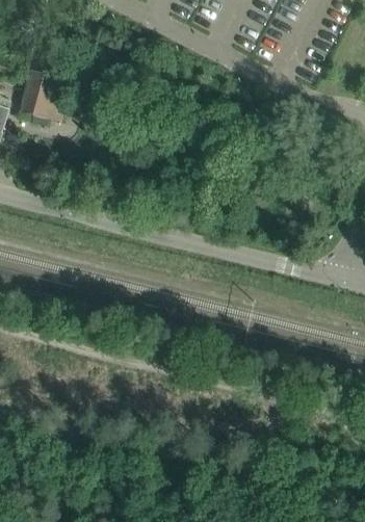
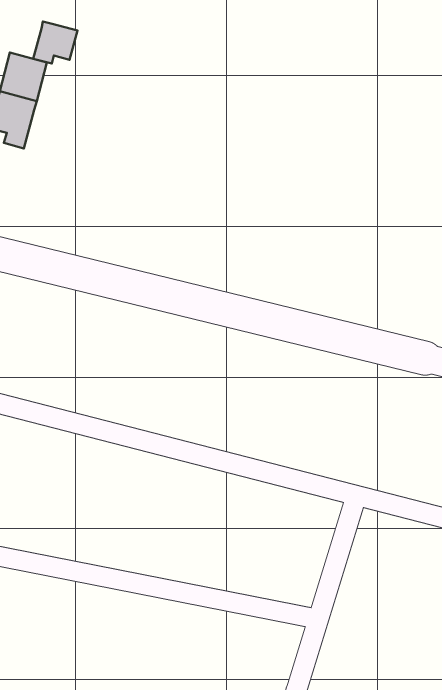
building: none -> [33,21,77,64]

